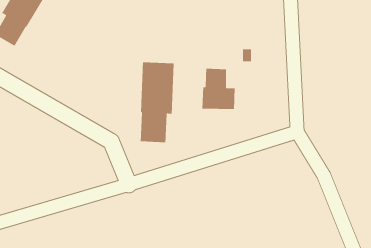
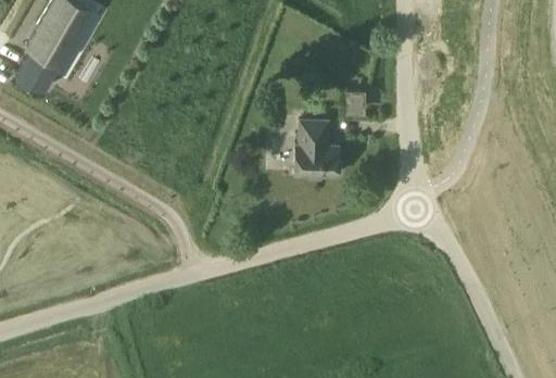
building: [140,61,174,143] -> none

